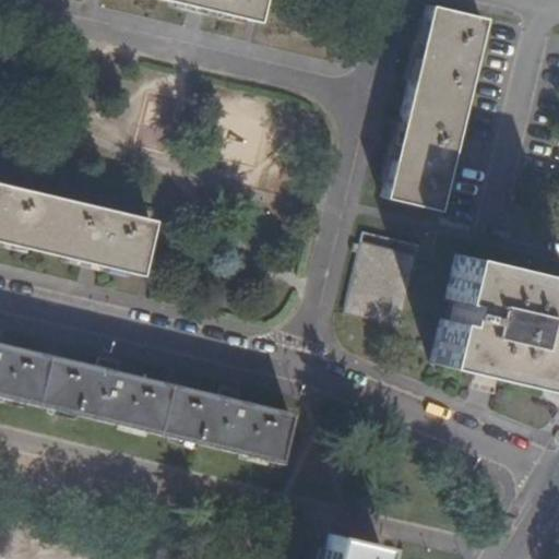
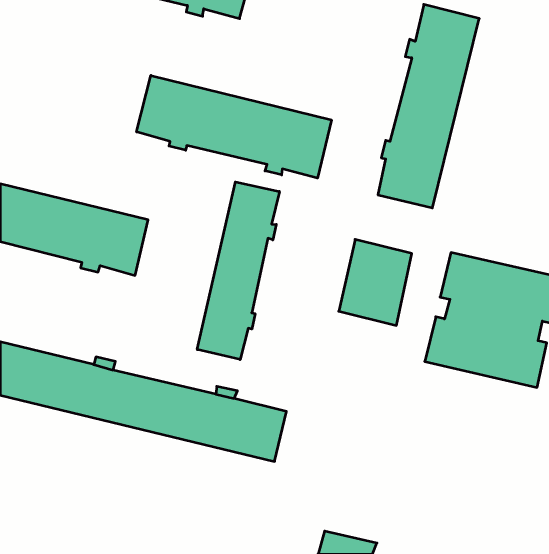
building: none -> [137,75,331,178]
building: none -> [197,182,279,360]

